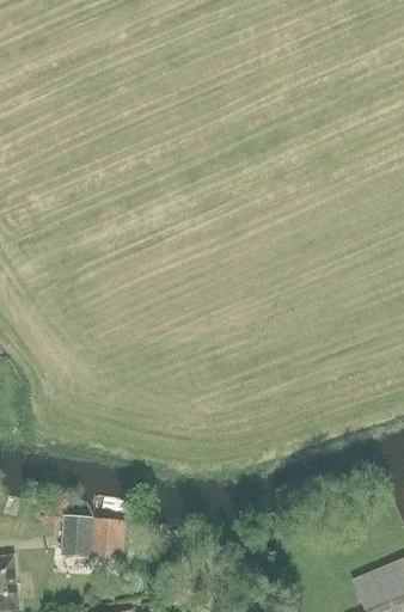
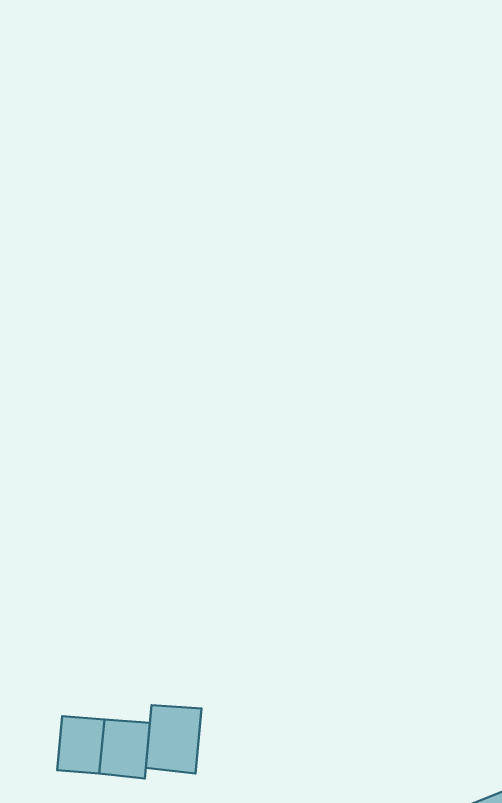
building: none -> [146,705,202,773]

